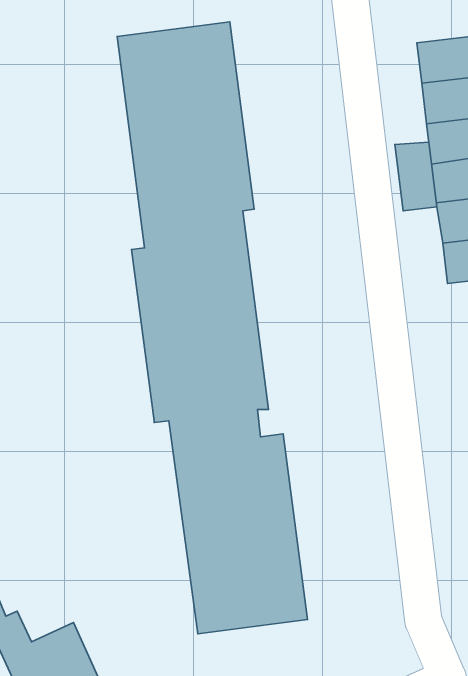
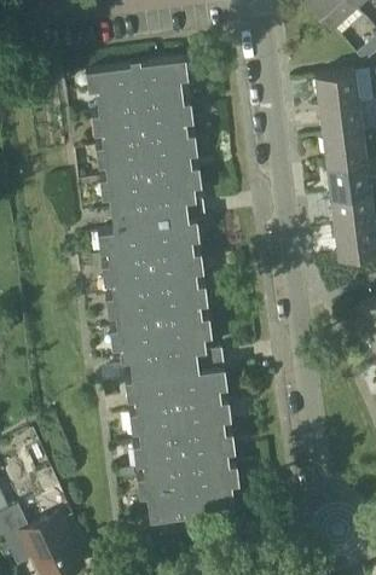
building: [395,142,437,211] -> none

